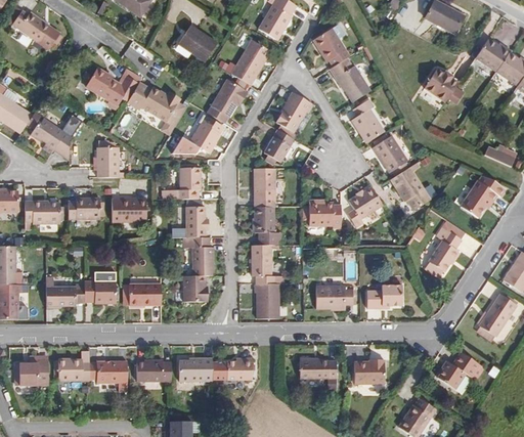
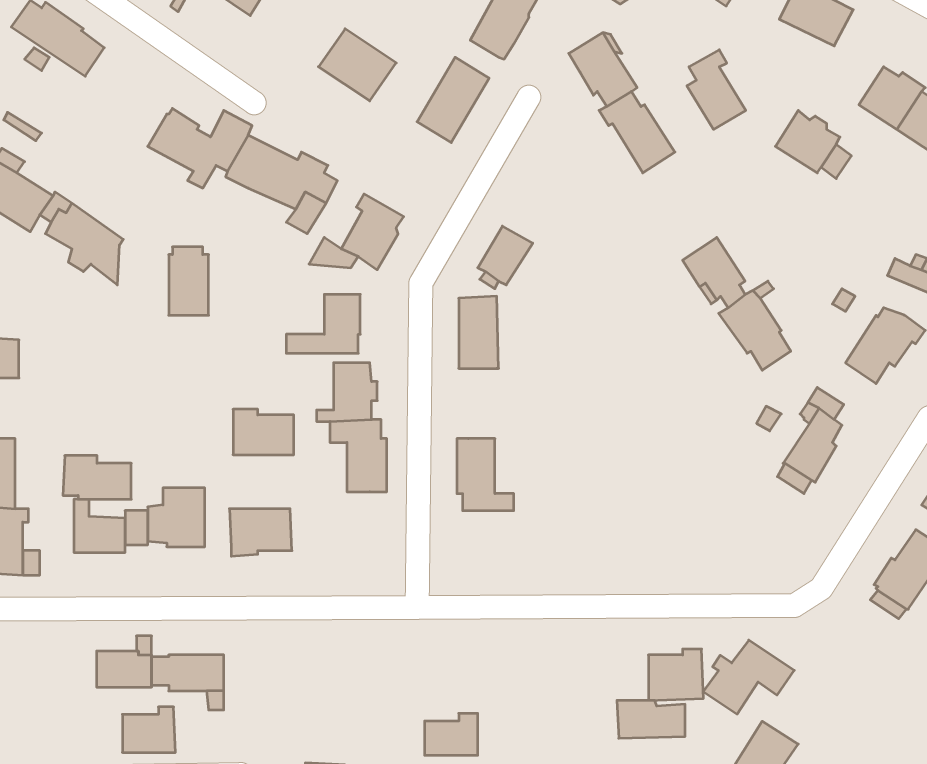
building: [208,78,248,122] -> none
building: [276,91,313,139] -> none
building: [352,98,384,141] -> [687,50,746,129]
building: [349,186,386,226] -> none
building: [69,196,99,219] -> none
building: [113,196,145,221] -> [233,409,294,455]
building: [308,200,341,227] -> none
building: [23,201,59,224] -> [63,456,131,499]
building: [253,207,276,245] -> none
building: [183,273,207,298] -> none
building: [367,281,402,308] -> none
building: [255,283,279,317] -> none
building: [317,285,353,308] -> none
building: [436,351,485,391] -> [703,640,794,714]
building: [224,355,253,378] -> [425,713,478,755]
building: [176,356,209,379] -> none
building: [299,358,336,379] -> [617,700,685,738]
building: [18,359,47,384] -> [122,707,175,752]
building: [135,359,169,380] -> none

